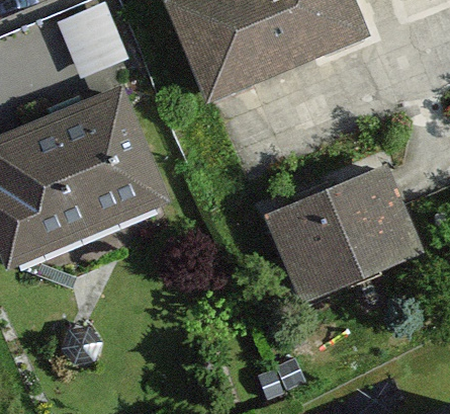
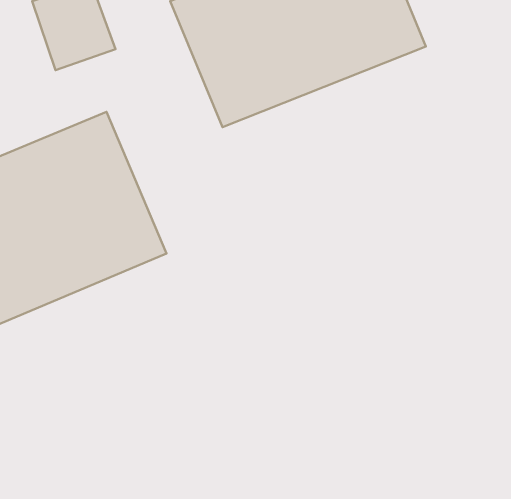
building: [269,170,420,302] -> none

